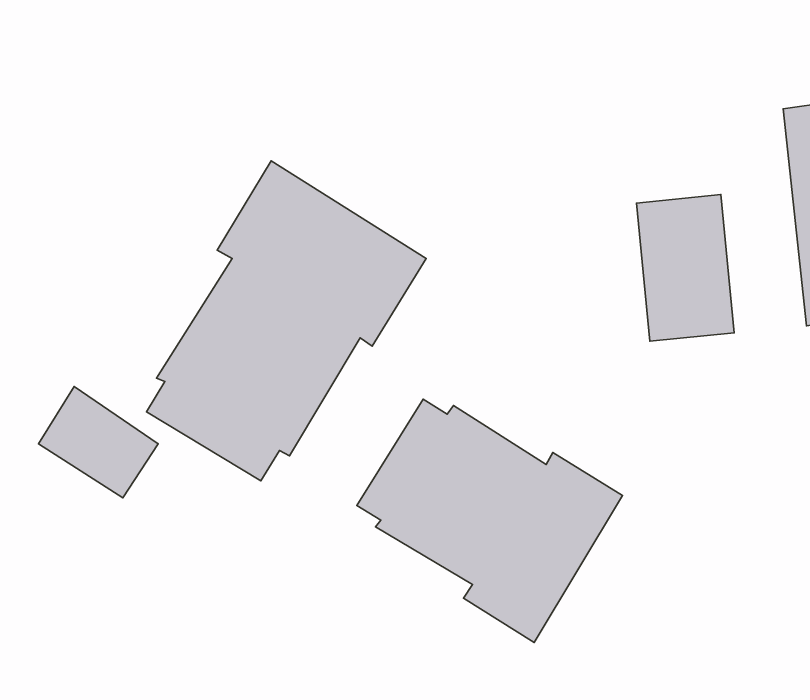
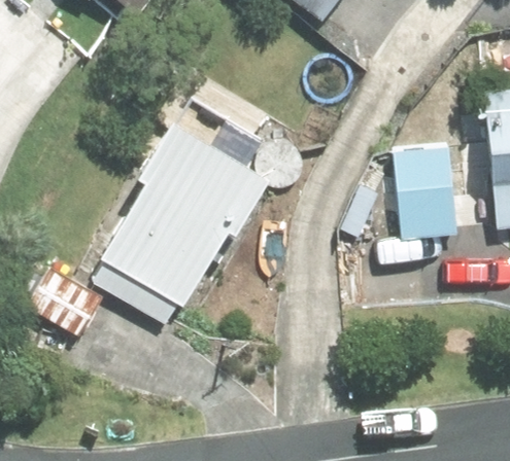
building: [357,399,623,642] -> none

